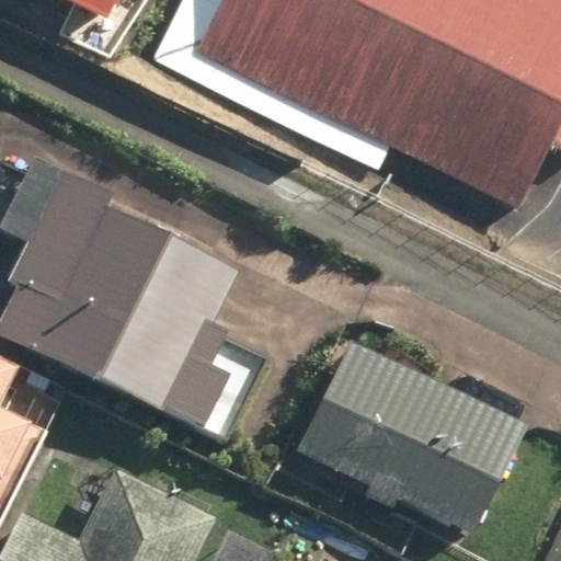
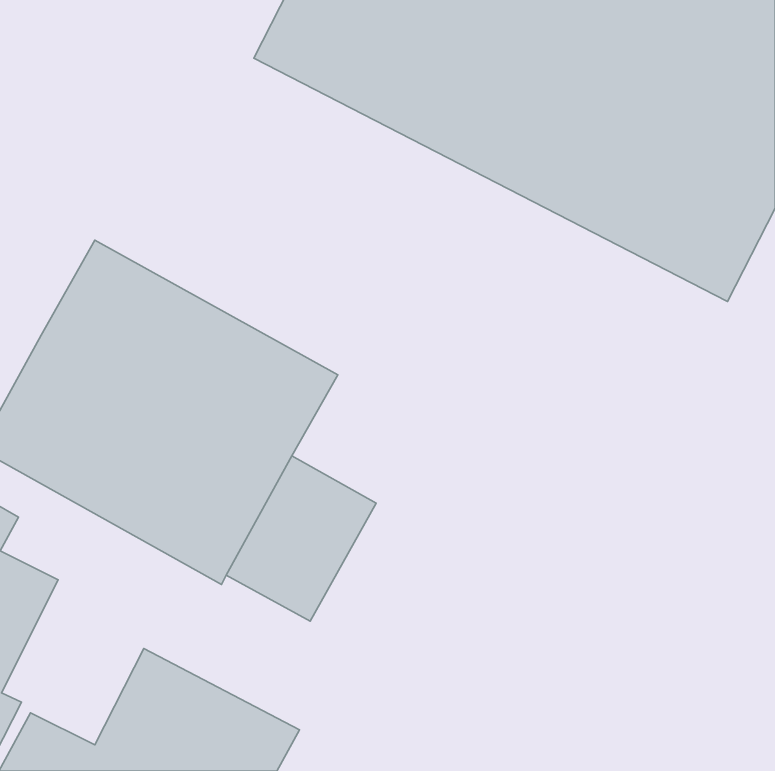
building: [294,340,524,539] -> none

